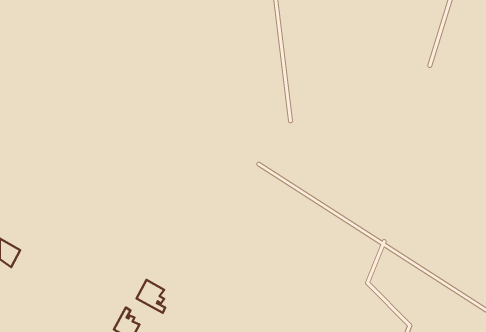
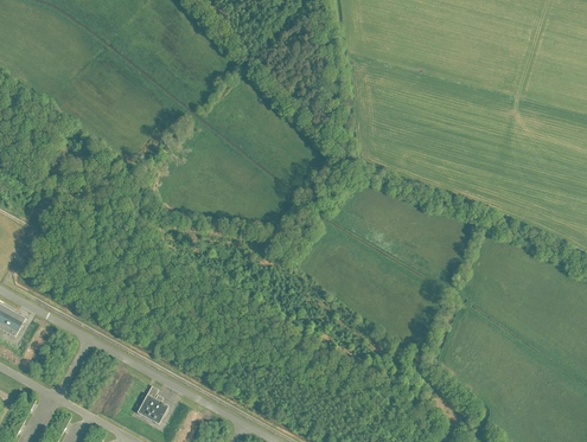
building: [136,280,165,313] -> none

